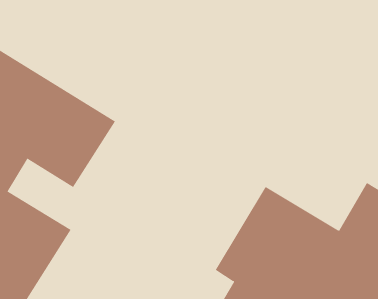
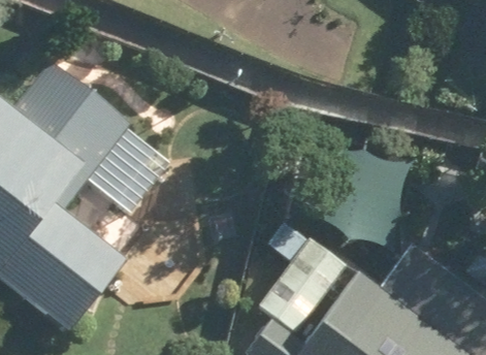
building: none -> [324,148,407,250]

